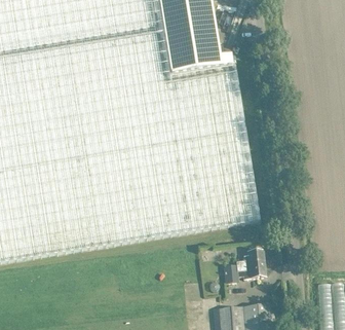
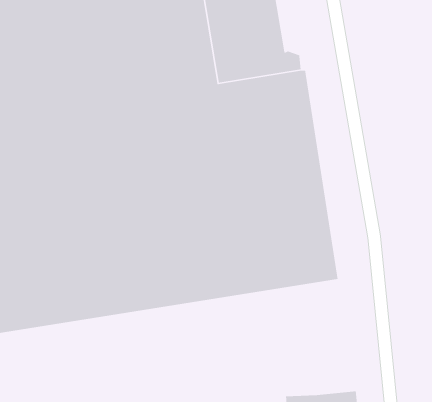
building: [223,249,264,282] -> none

